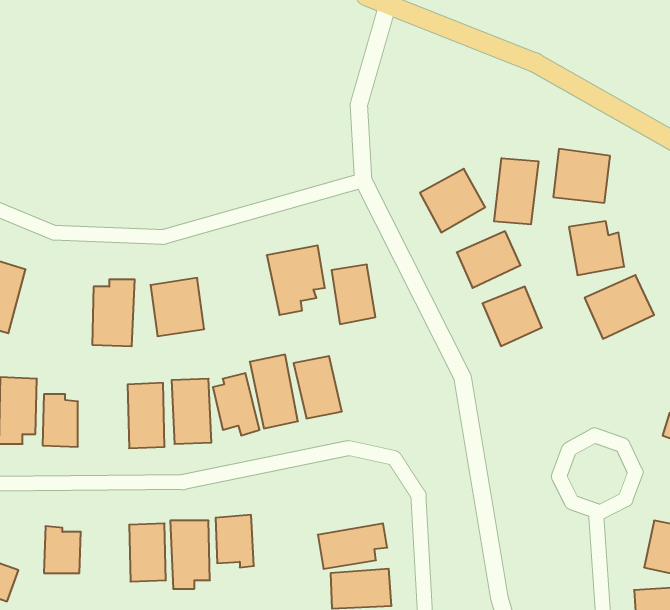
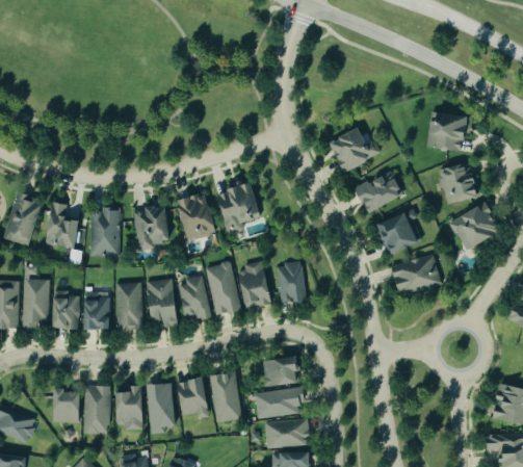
building: [494,158,538,224] -> none
building: none -> [180,194,216,240]
building: [331,265,375,324] -> [274,262,307,306]
building: none -> [47,203,79,248]
building: none -> [392,254,442,295]
building: none -> [85,291,111,330]
building: none -> [262,358,298,386]
building: none -> [211,373,239,421]
building: none -> [83,385,110,434]

